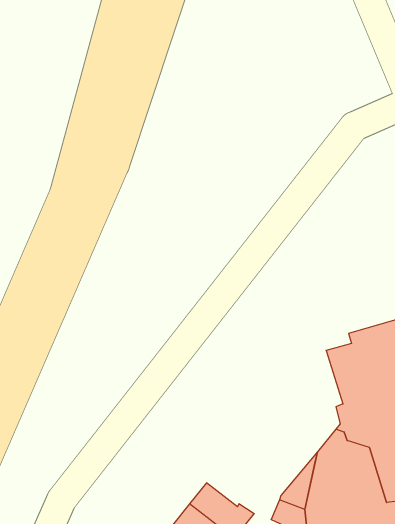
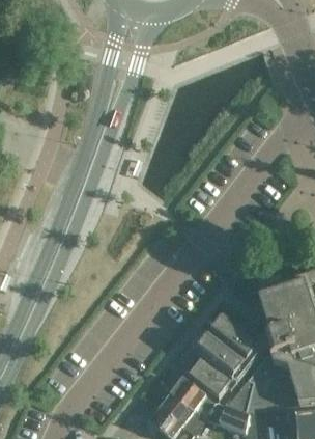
building: none -> [189,318,257,397]
building: none -> [170,378,213,412]

